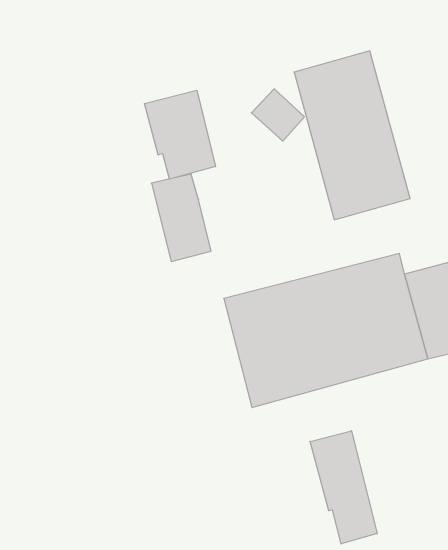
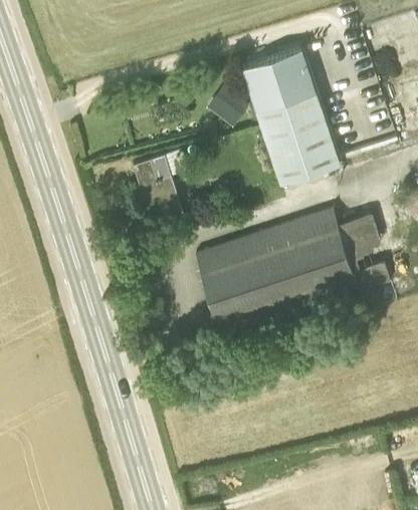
building: [144,90,215,179] -> none
building: [310,431,377,544] -> none

